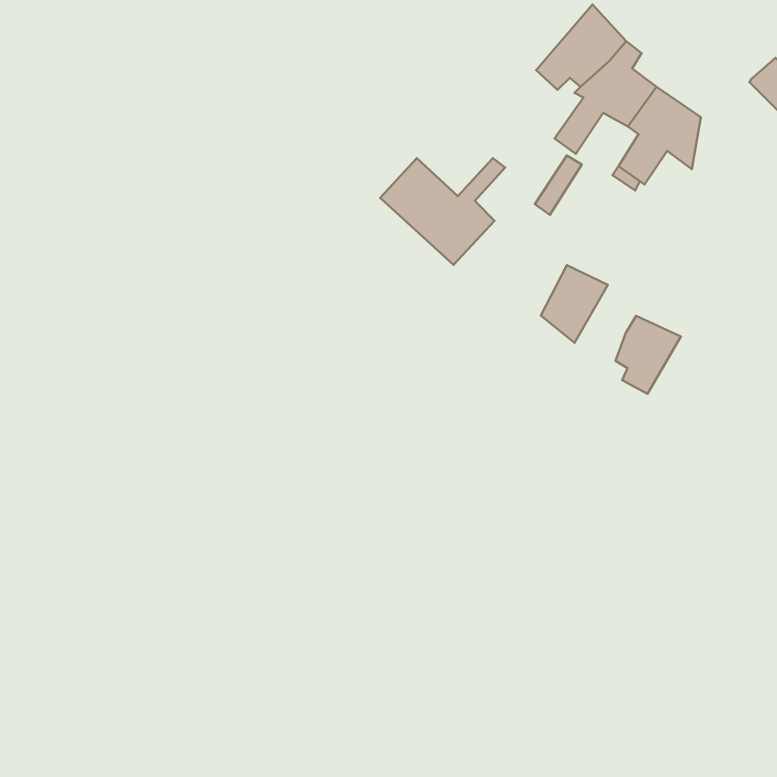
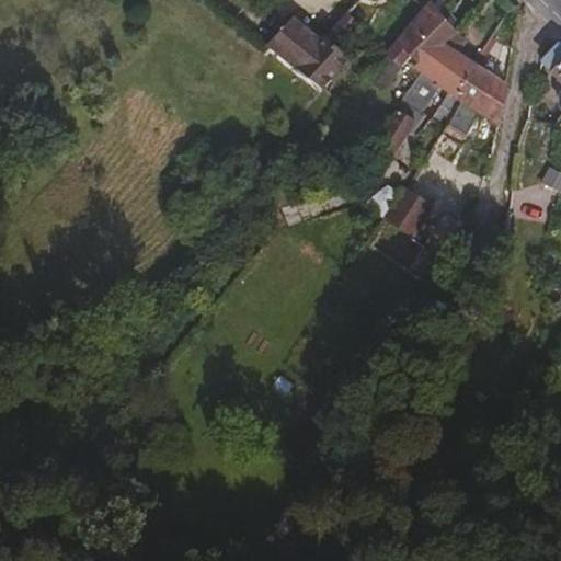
building: [380,158,505,265] -> [265,14,355,91]
building: [615,316,681,394] -> none

